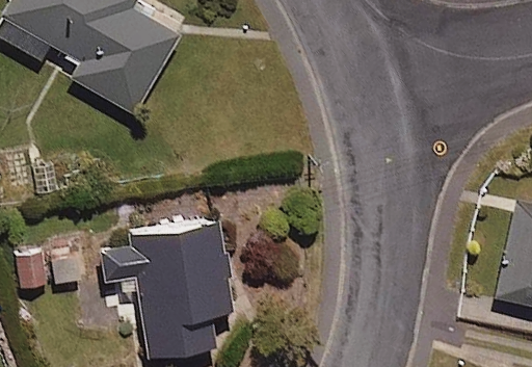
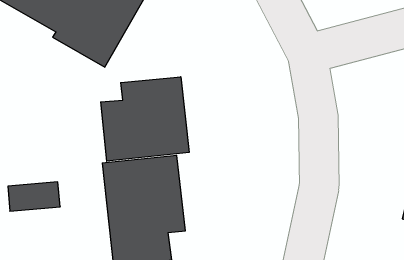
building: none -> [101,77,189,161]

